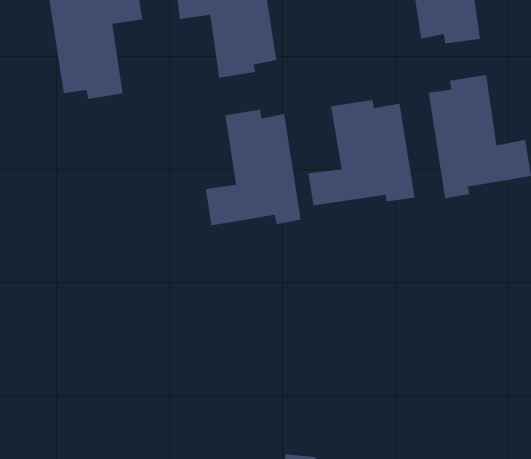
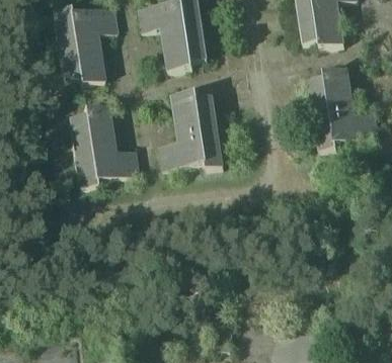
building: [308,99,415,206] -> none
building: none -> [68,103,138,187]

